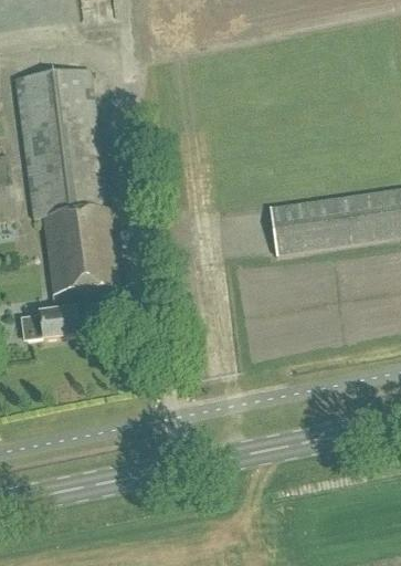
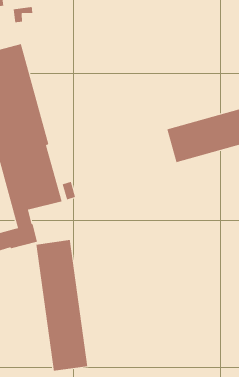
building: none -> [36,239,88,372]

